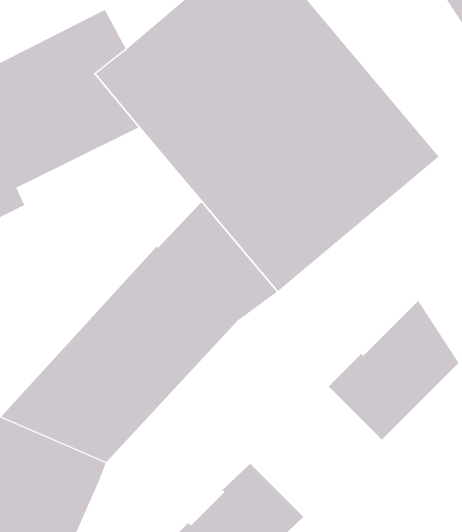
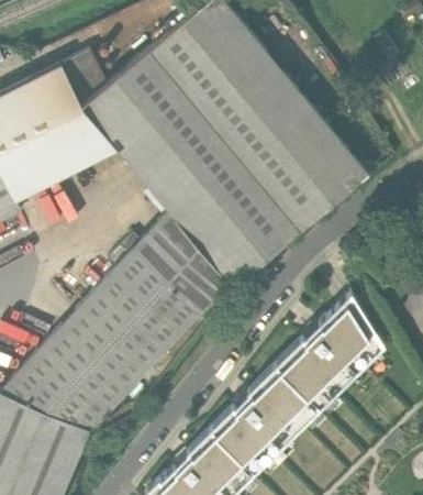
building: none -> [210,366,320,475]

